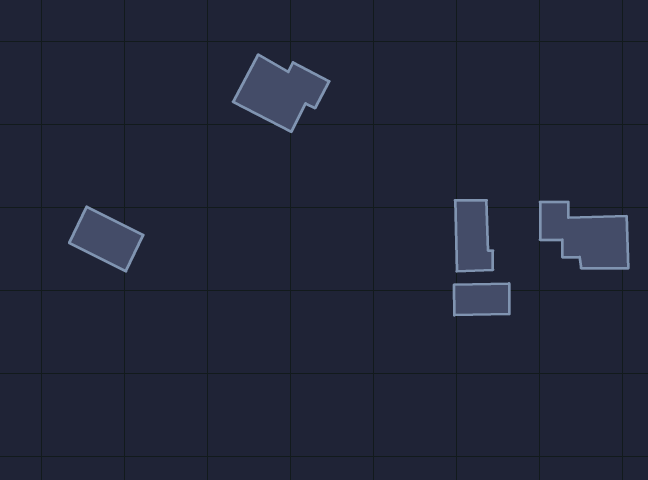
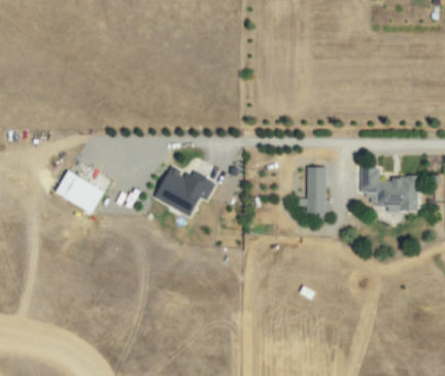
building: [233,55,329,132] -> [153,166,216,216]
building: [454,283,509,315] -> none

